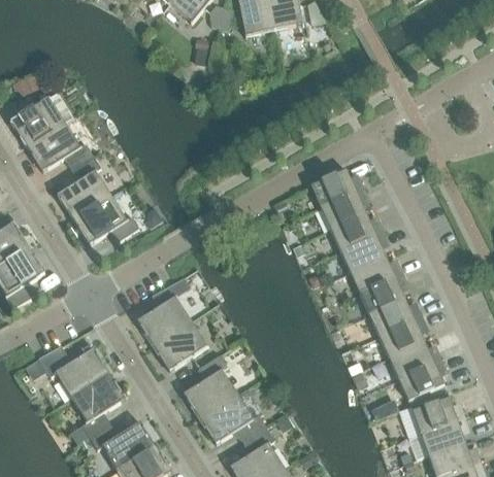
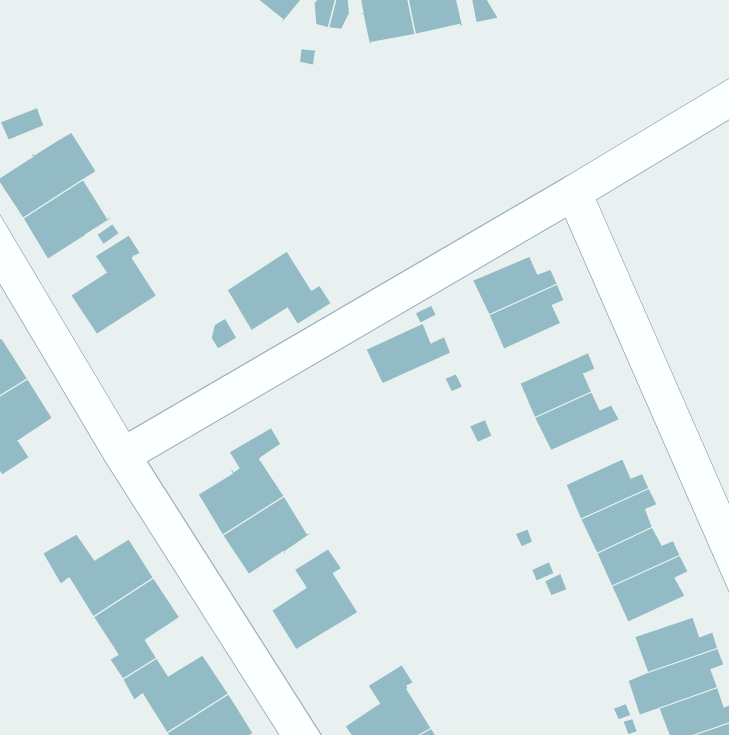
building: [72,195,138,245] -> [227,251,331,331]
building: [329,212,383,250] -> [366,323,451,384]
building: [359,273,406,314] -> none
building: [198,395,265,444] -> none

